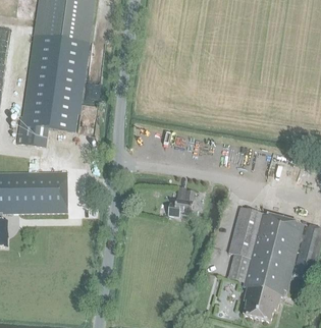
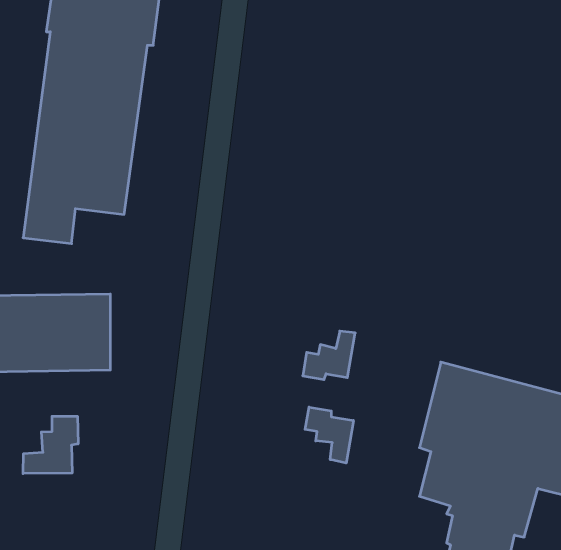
building: none -> [305,407,353,463]
building: none -> [23,416,78,474]

